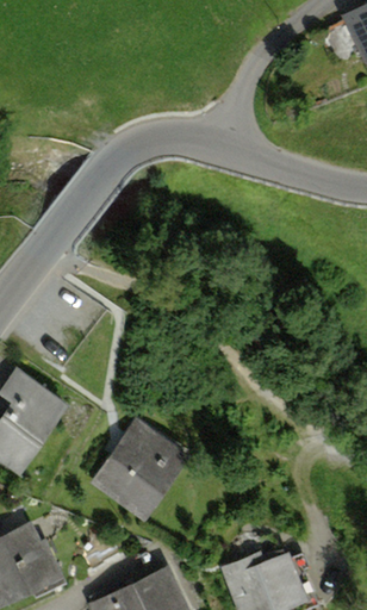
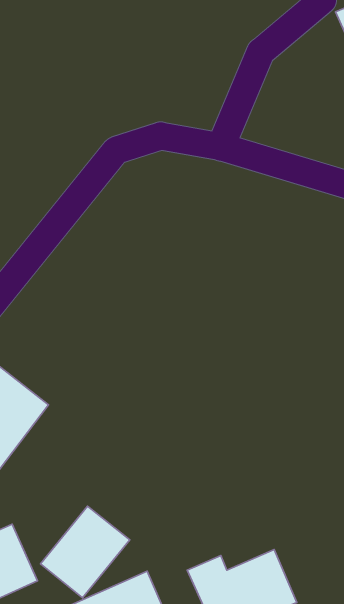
building: [95,424,183,515] -> [40,506,130,598]

